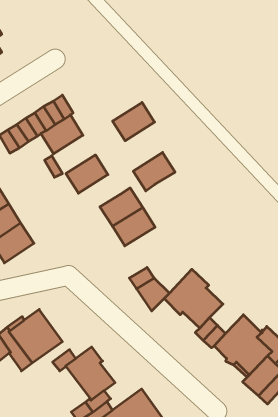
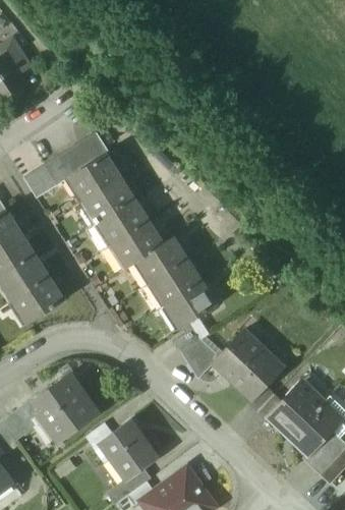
building: [113,102,155,141] -> [87,177,134,221]
building: [133,152,175,191] -> [115,222,163,266]
building: none -> [168,282,217,327]

